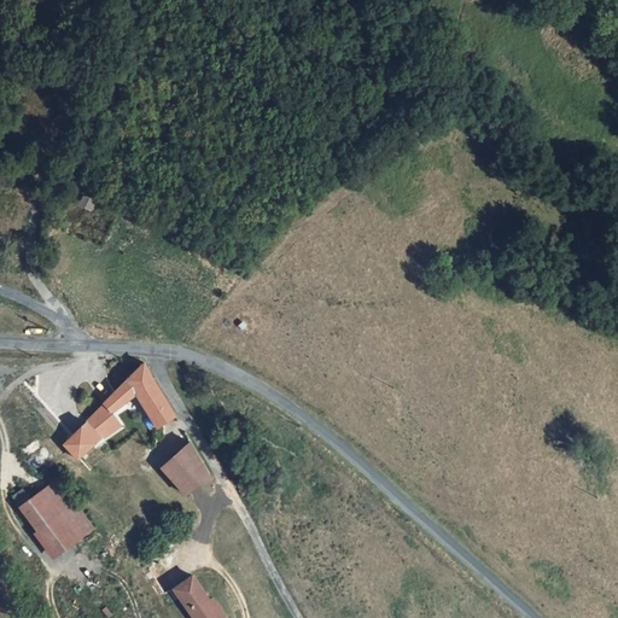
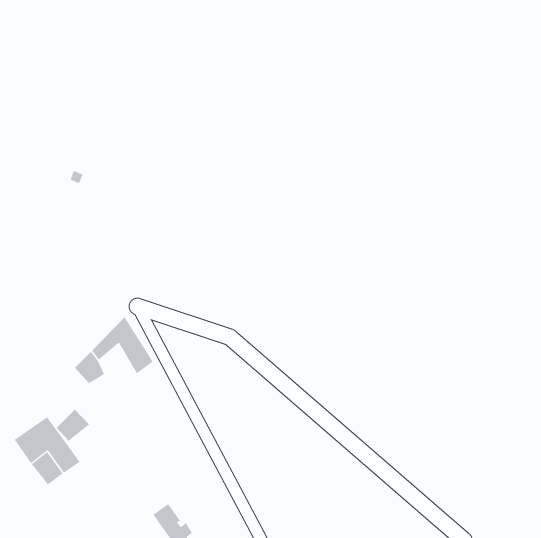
building: [63,422,101,460] -> [56,409,90,442]
building: [162,448,211,495] -> none

